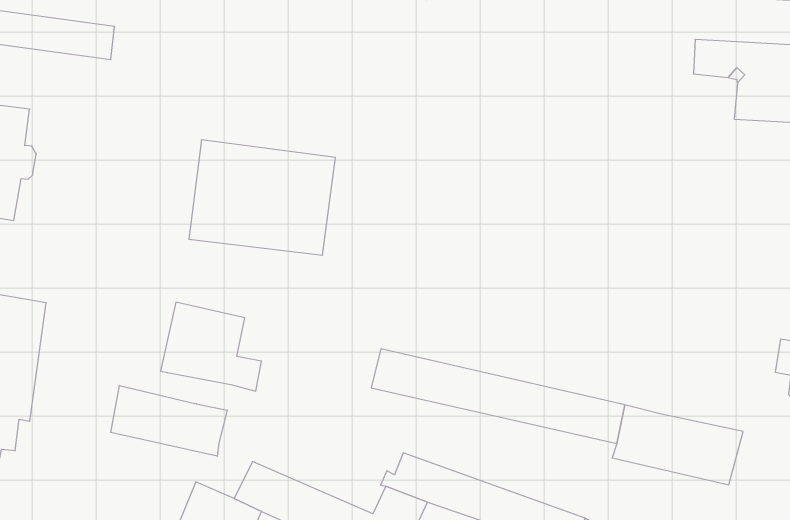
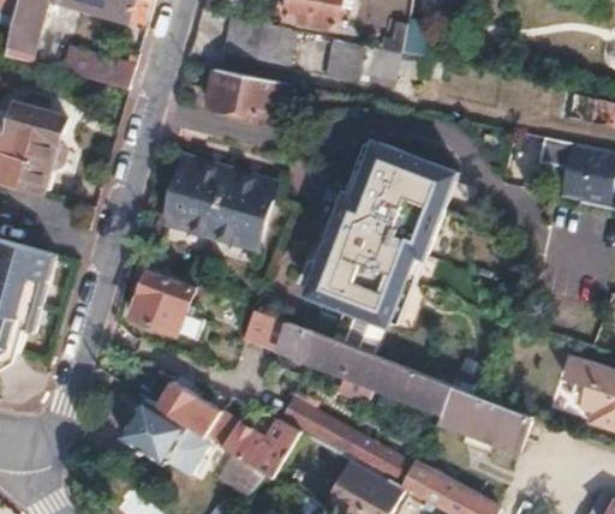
building: none -> [205,68,276,116]
building: none -> [306,143,456,323]
building: none -> [240,309,286,351]
building: [111,385,227,456] -> none

